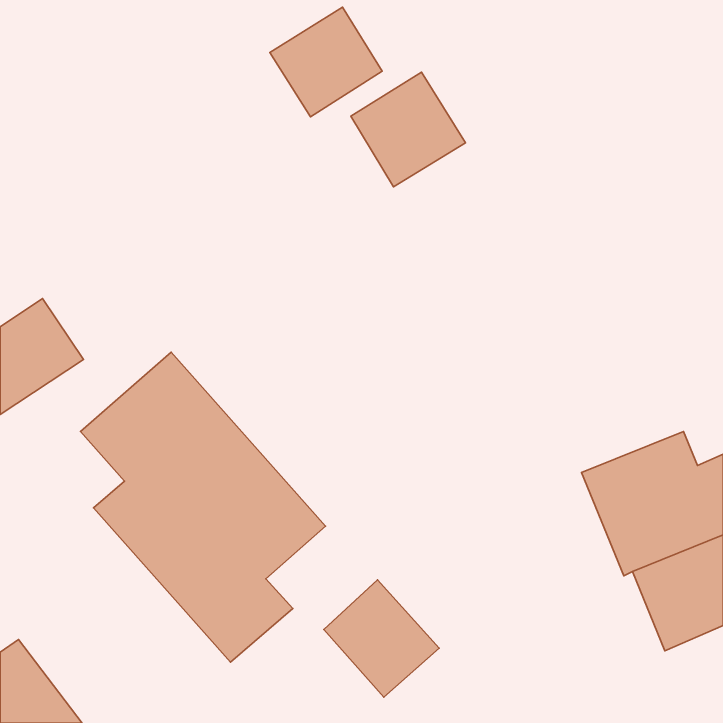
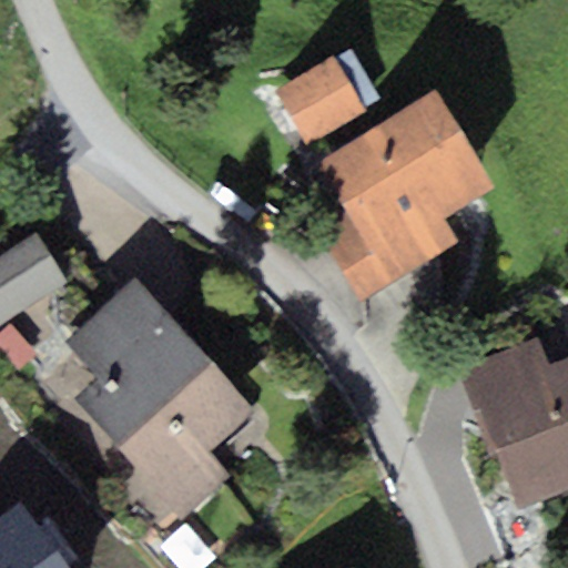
building: [270,7,382,117] -> none
building: none -> [315,89,495,303]
building: [324,580,439,697] -> none

